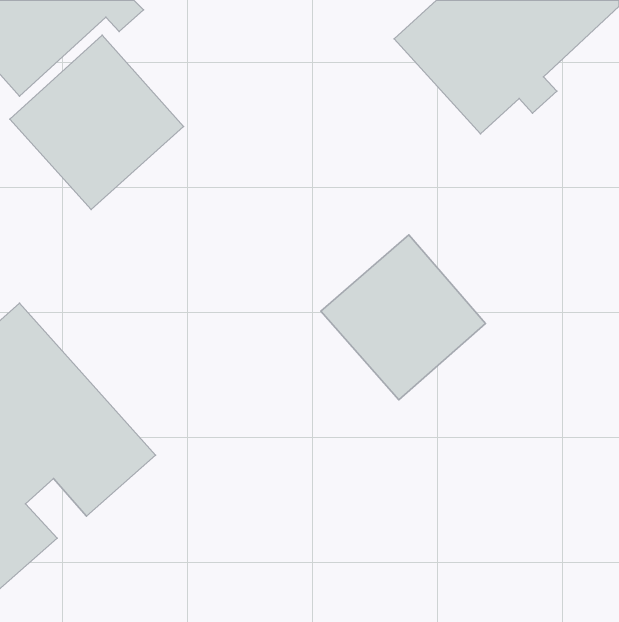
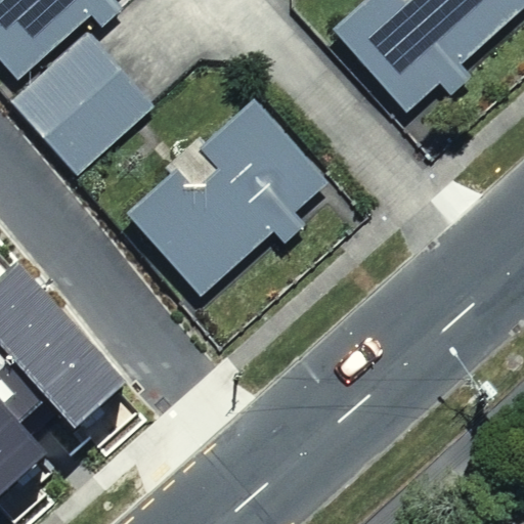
building: none -> [128,100,329,292]
building: [321,235,486,400] -> none

